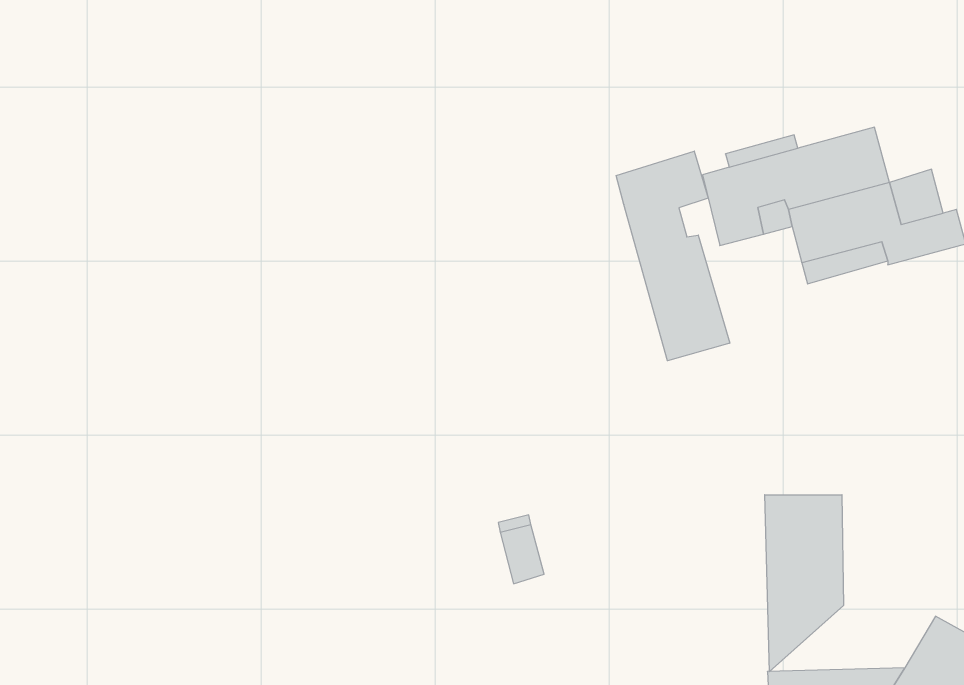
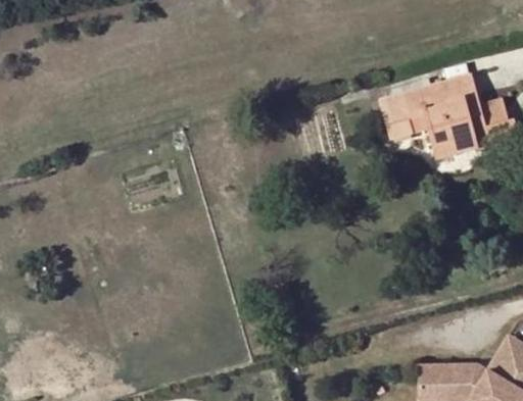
building: [616,151,730,361] -> none
building: [765,495,844,672] -> none

